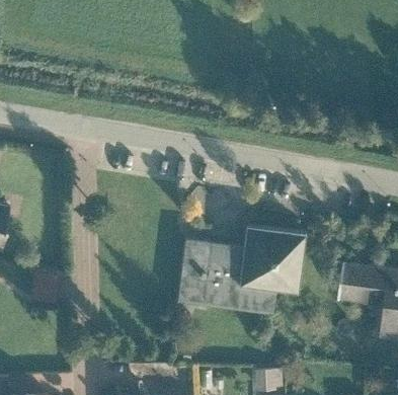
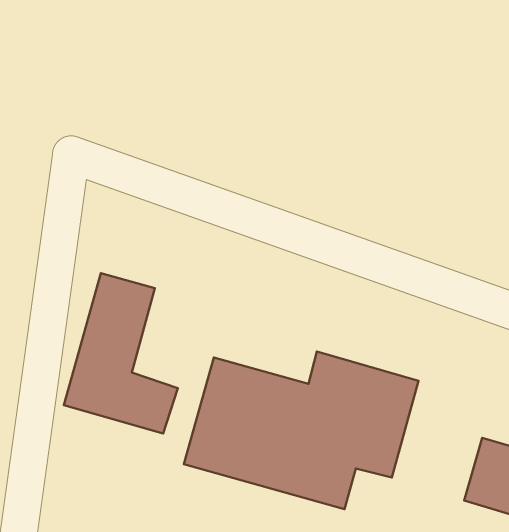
building: none -> [64,273,178,433]

